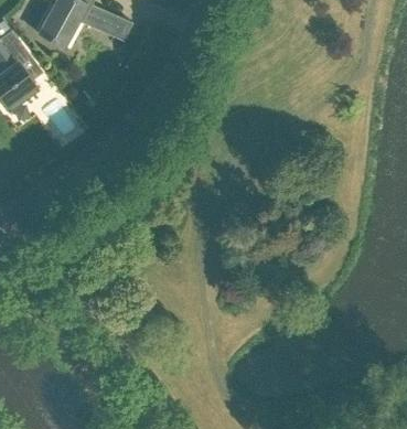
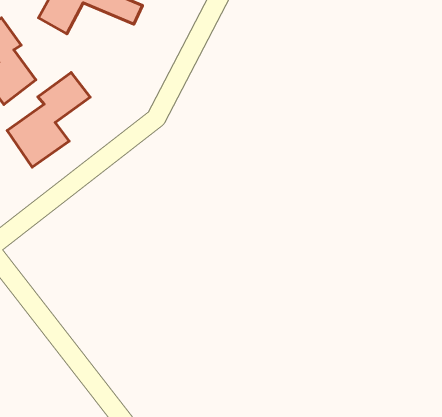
building: none -> [7,73,90,167]

